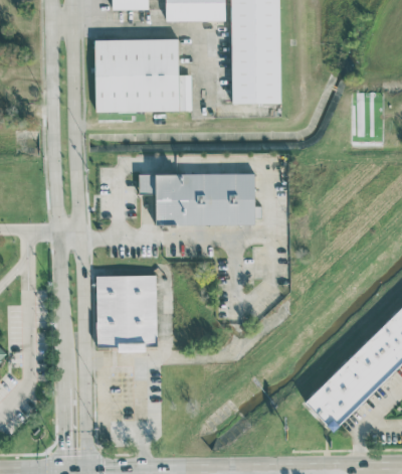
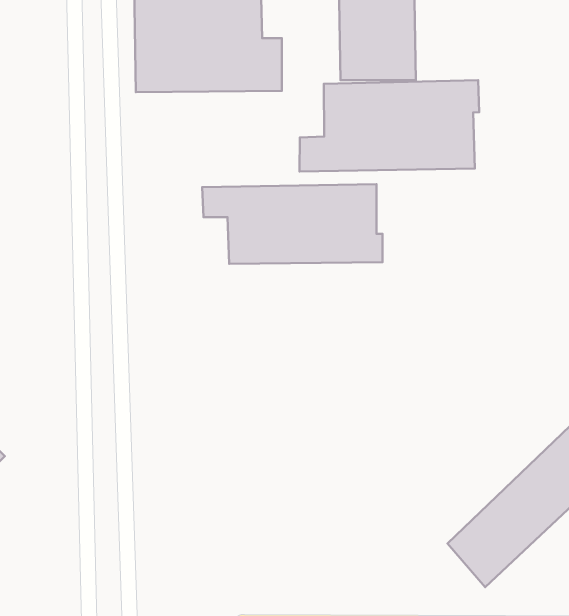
building: none -> [299,80,479,171]
building: [95,275,156,351] -> none

